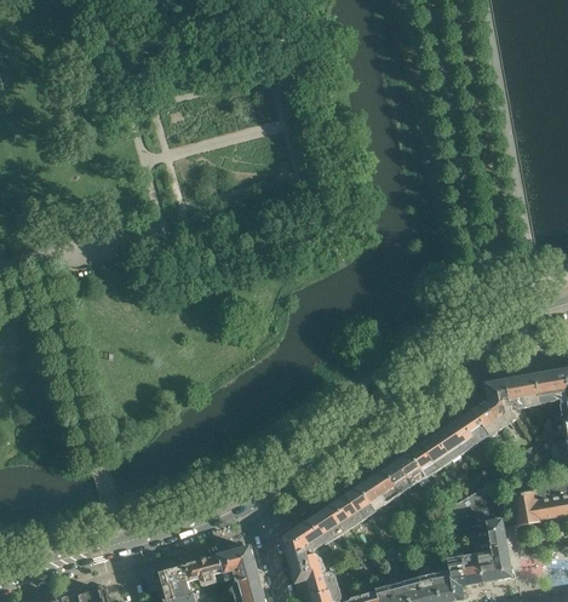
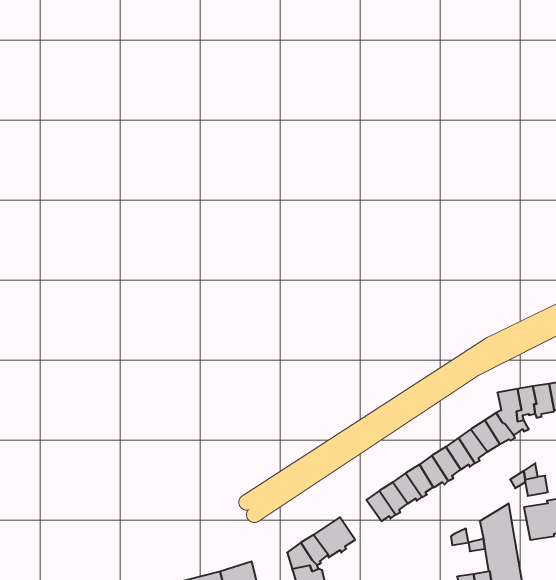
building: [335,488,375,527] -> none

